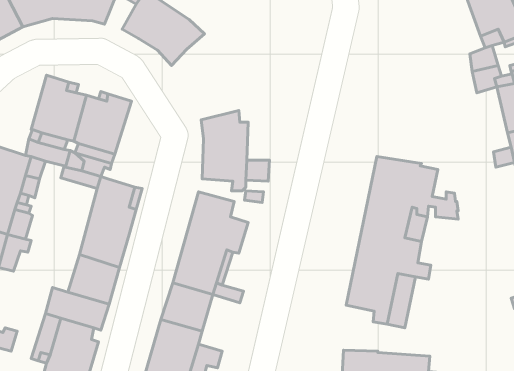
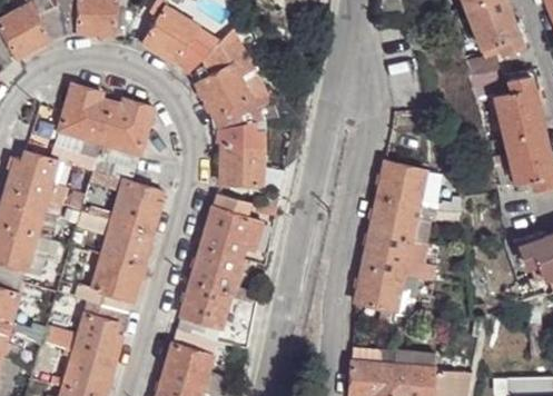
building: none -> [195,33,268,127]

